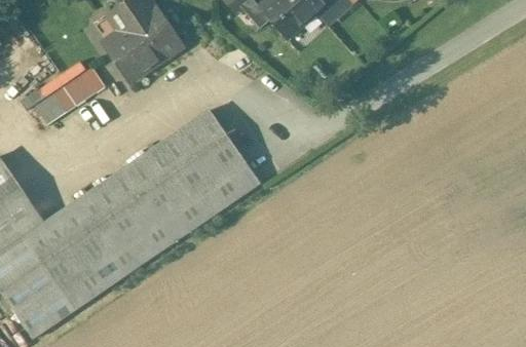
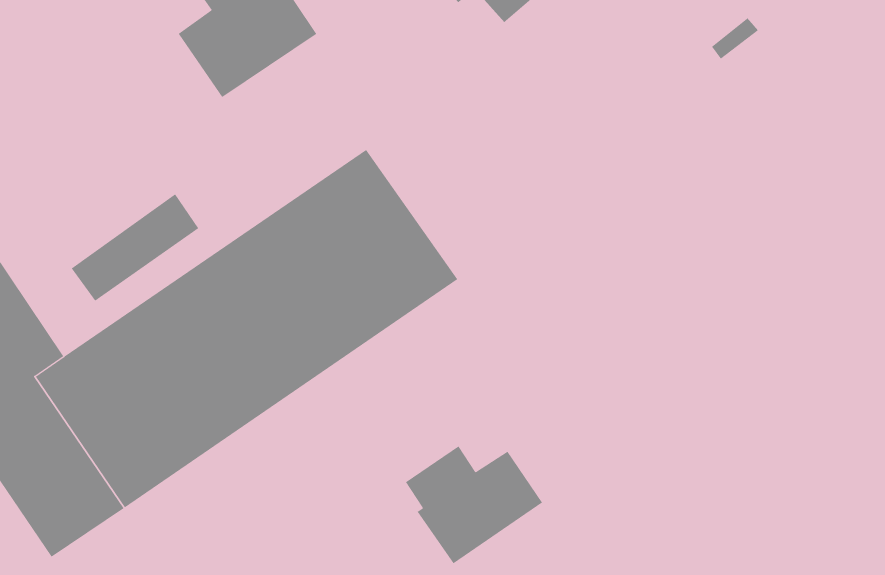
building: [36,64,108,124] -> [71,193,199,302]
building: none -> [405,446,543,564]

